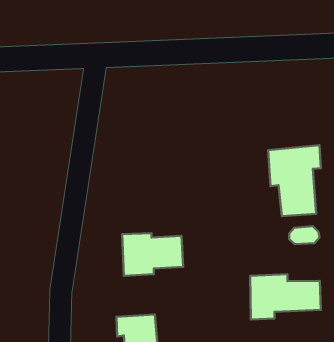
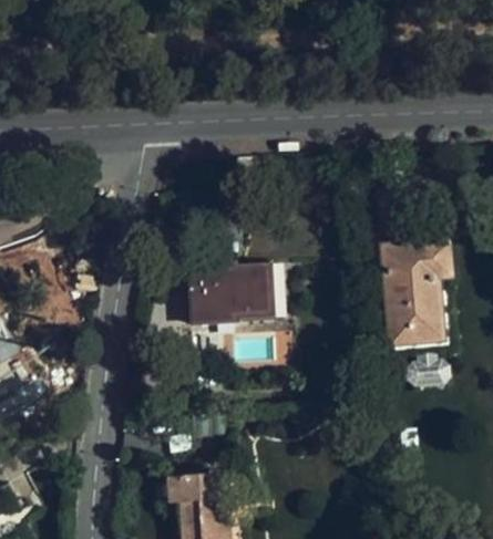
building: [122,233,183,276] -> [192,267,275,324]
building: [250,274,321,320] -> none

